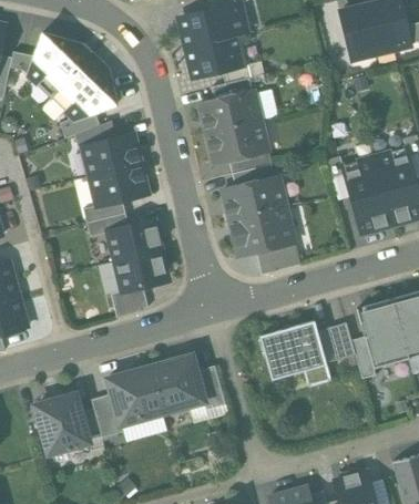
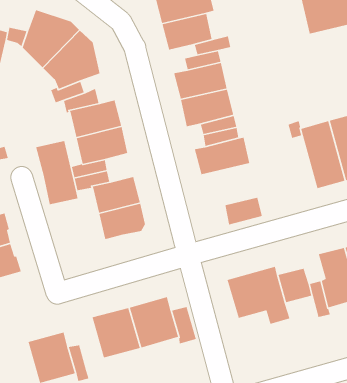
building: none -> [35,140,78,205]
building: [229,205,294,256] -> none
building: [111,286,147,318] -> none
building: [91,393,123,438] -> none

